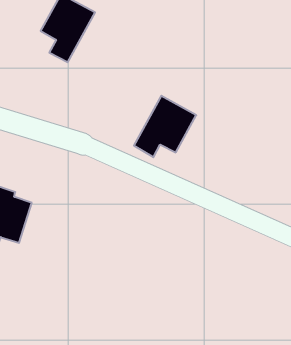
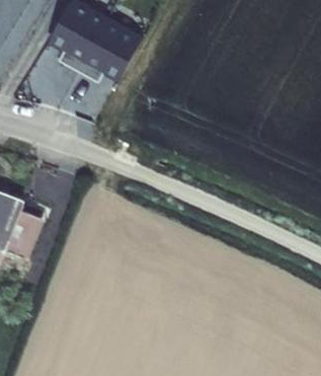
building: [134,96,196,157] -> [80,18,145,82]

